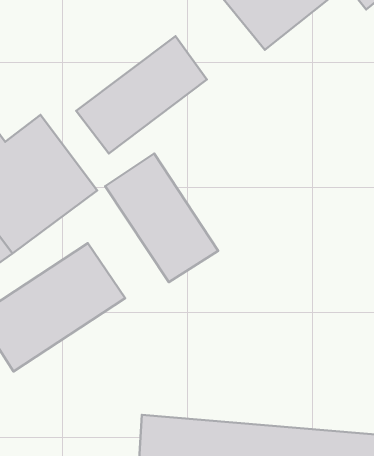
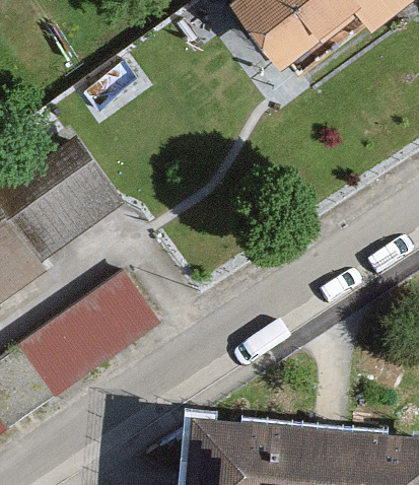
building: [76,36,207,153] -> none
building: [105,153,218,282] -> none

